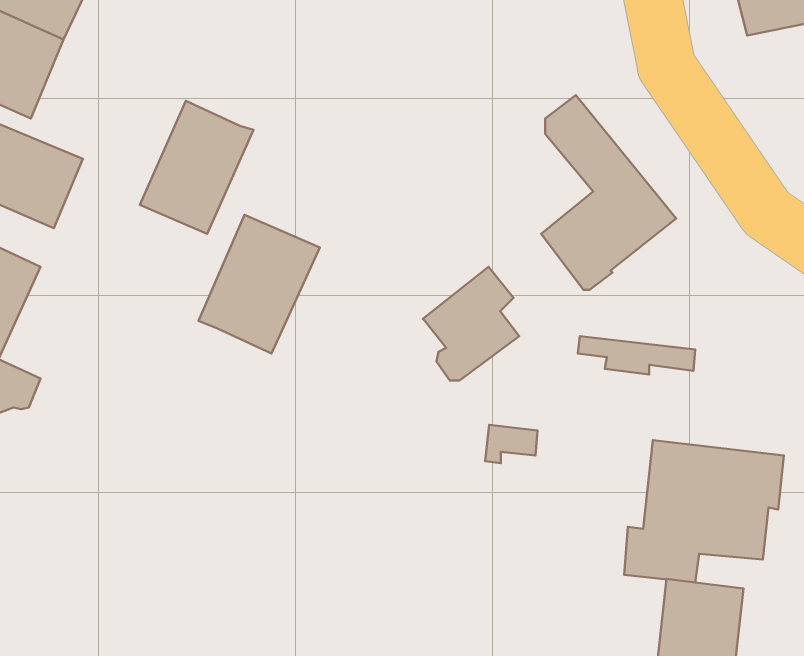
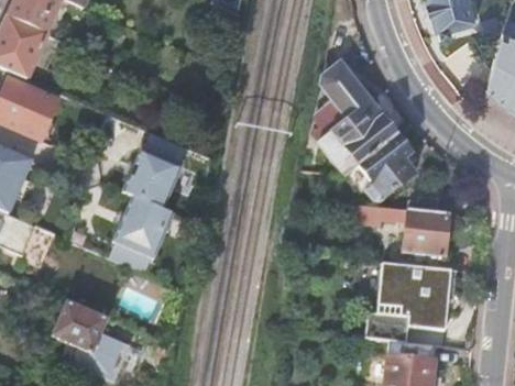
building: [140,101,253,234] -> [109,198,174,274]
building: [423,267,519,381] -> [360,135,415,200]
building: none -> [404,210,449,257]
building: none -> [53,300,130,381]

